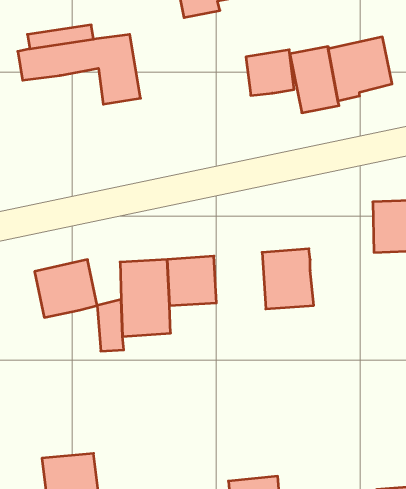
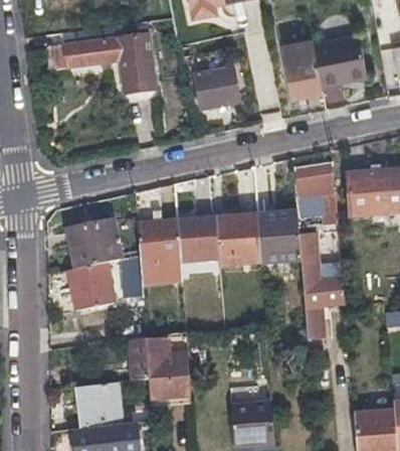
building: [246,50,294,95] -> [197,70,237,109]
building: none -> [293,168,333,220]
building: none -> [217,214,260,265]
building: none -> [297,229,344,345]
building: none -> [66,263,113,311]
building: none -> [130,331,190,399]

